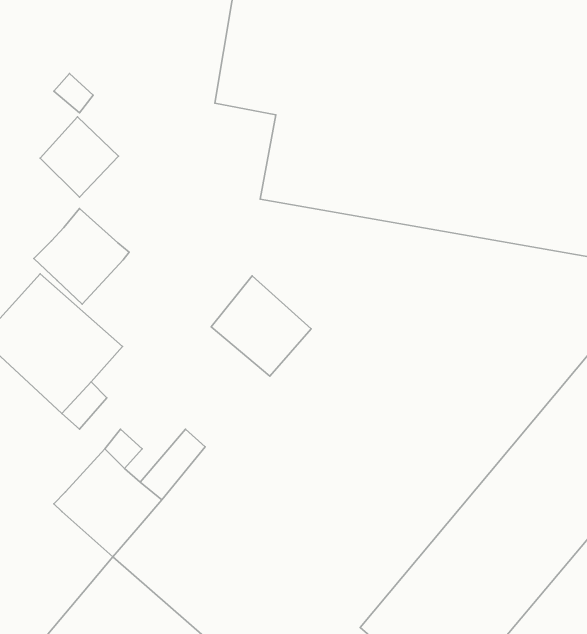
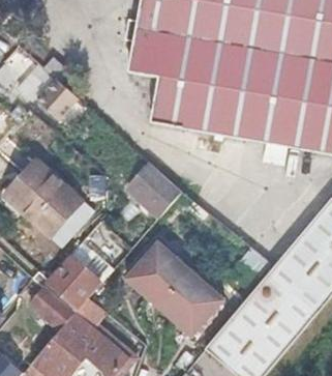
building: [34,208,129,304] -> none
building: none -> [126,240,224,336]
building: none -> [33,286,77,328]

